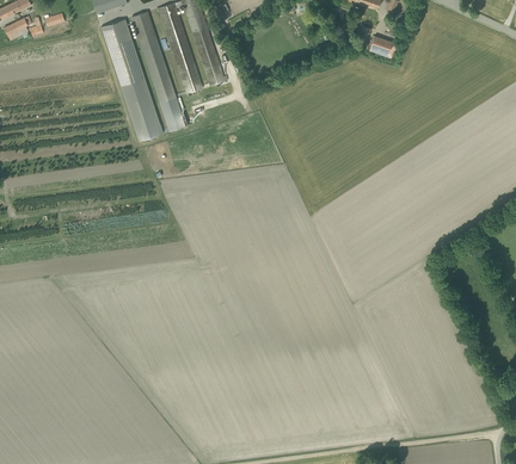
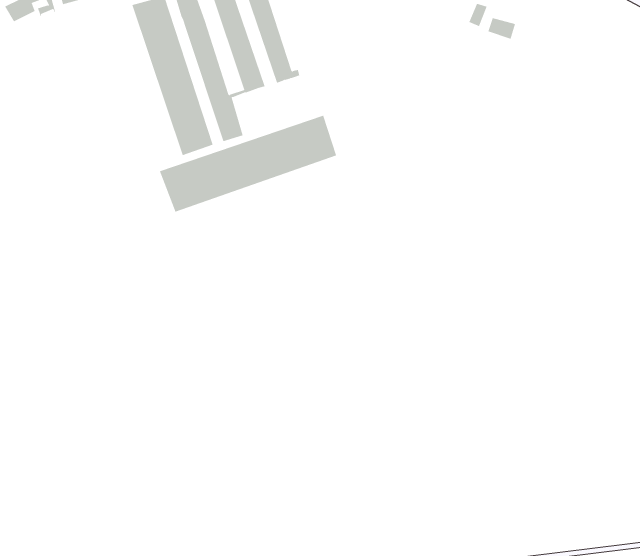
building: none -> [159,115,337,212]

